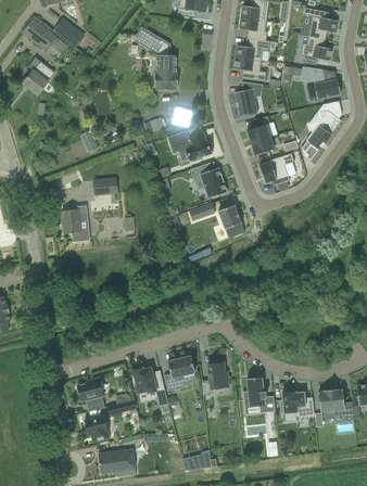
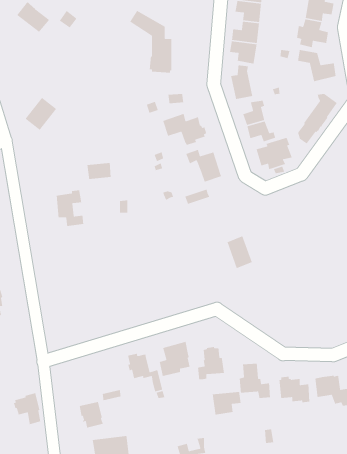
building: [23,61,55,94] -> [24,97,57,131]
building: [218,204,244,238] -> [226,235,253,269]
building: [76,378,104,411] -> [13,392,41,426]
building: none -> [212,391,242,415]

